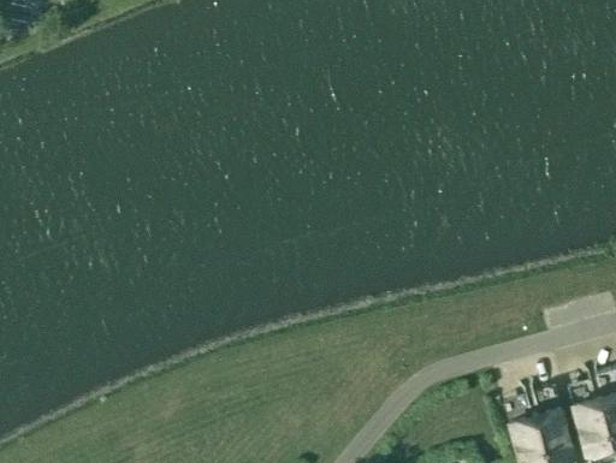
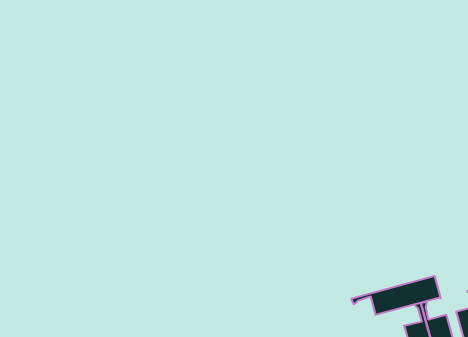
building: none -> [352,276,441,315]

